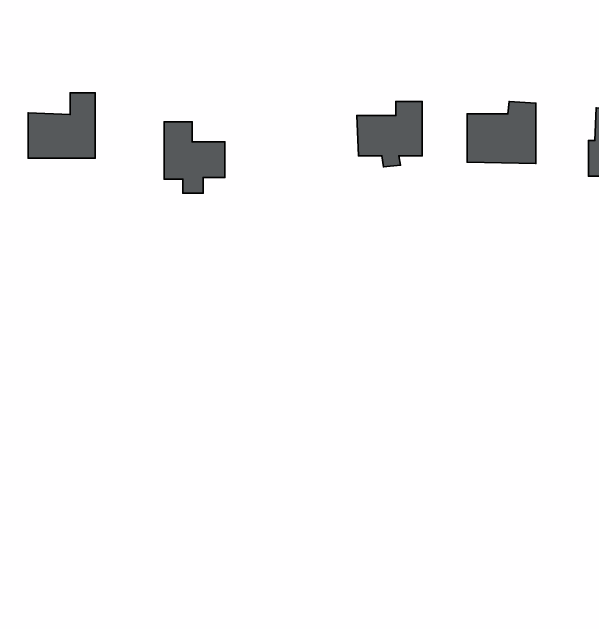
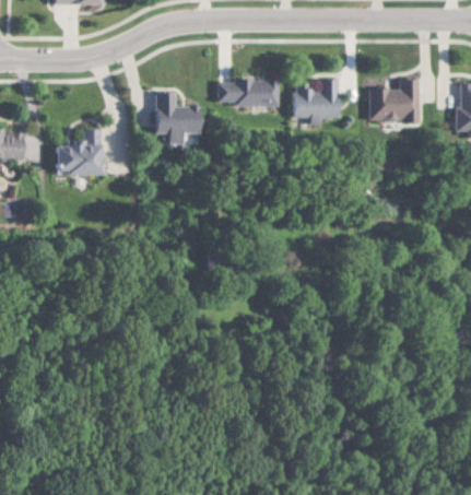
building: [28,93,95,158] -> [55,129,102,175]
building: none -> [220,80,280,106]

